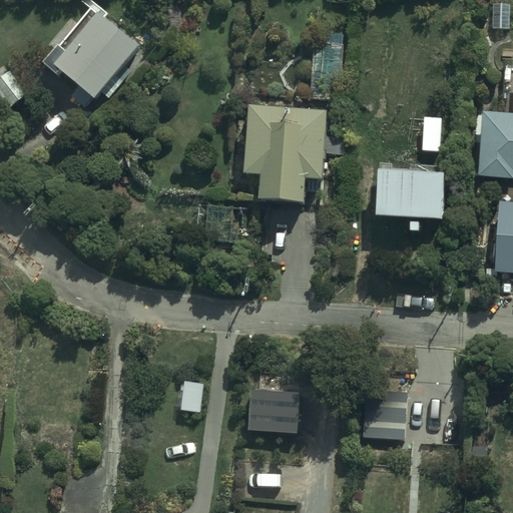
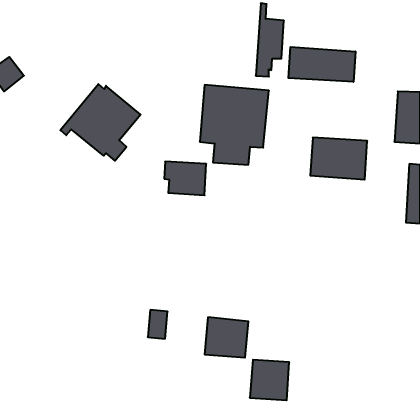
building: [42,13,139,106] -> [60,84,141,161]
building: none -> [288,47,355,82]
building: [360,388,408,437] -> [250,360,289,400]

